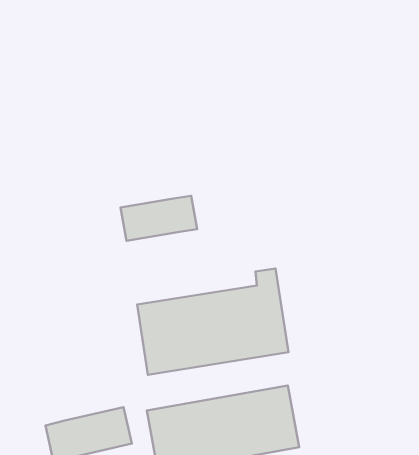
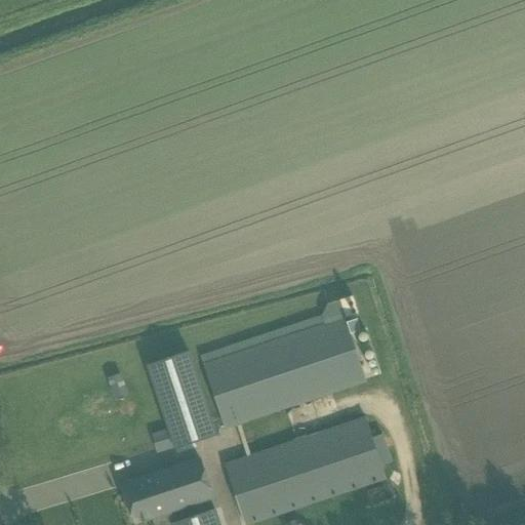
building: [121,196,197,241] -> none
building: none -> [147,351,219,451]

